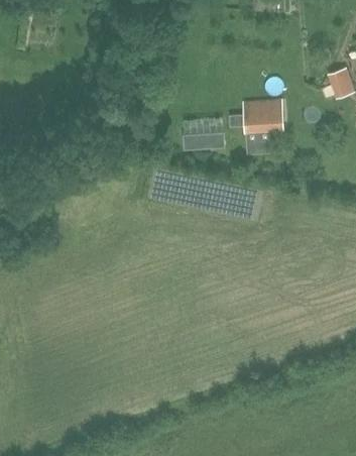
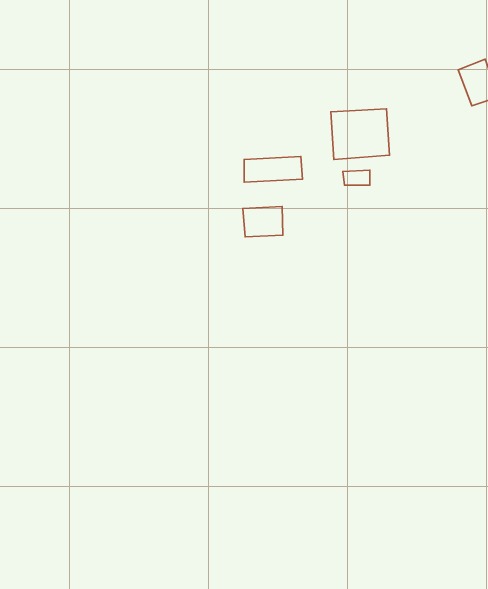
building: none -> [243,206,283,237]

